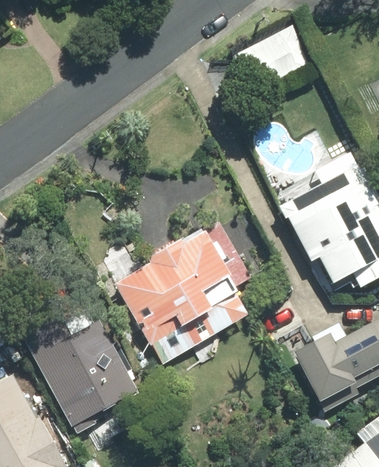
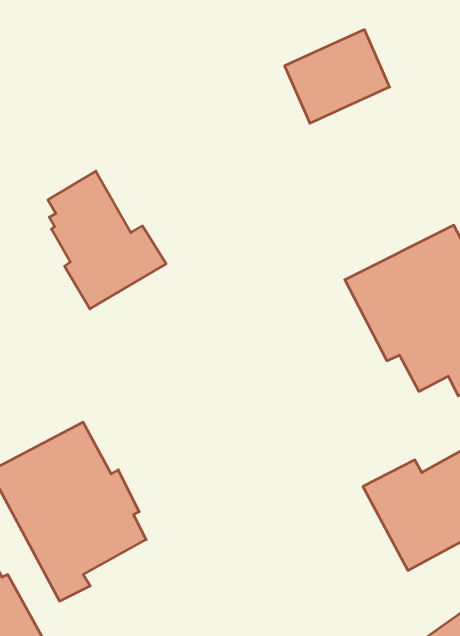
building: none -> [48,171,166,309]
building: [115,217,253,364] -> none

